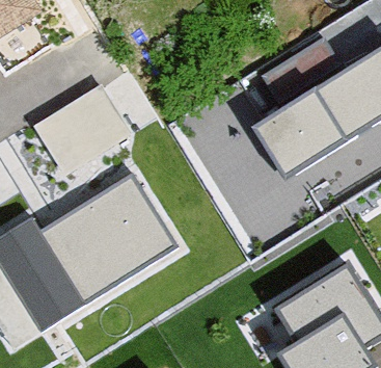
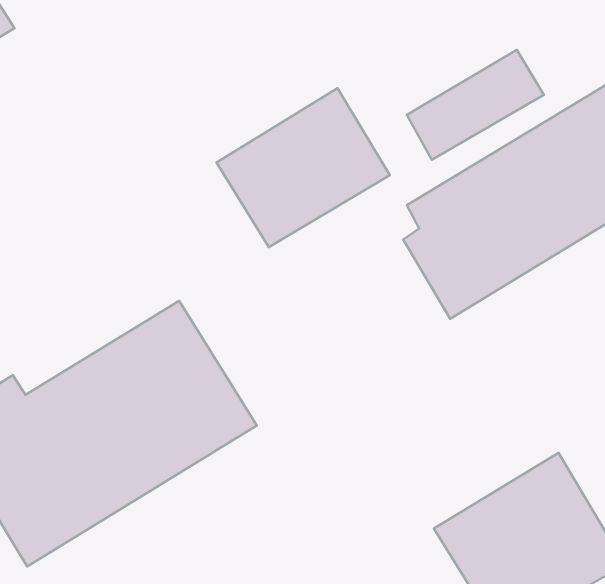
building: [35,70,135,161] -> [216,88,390,247]

